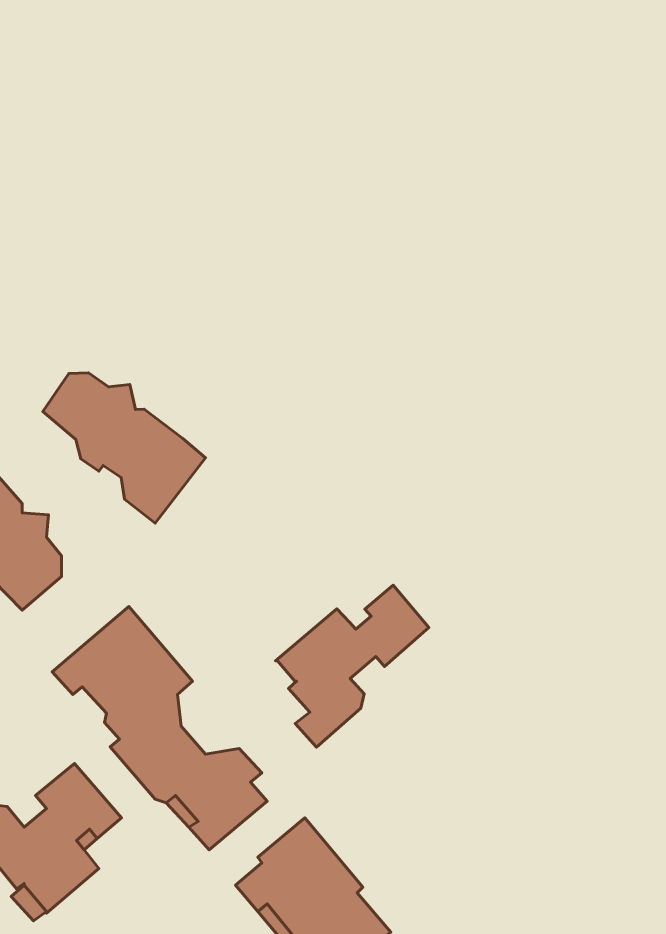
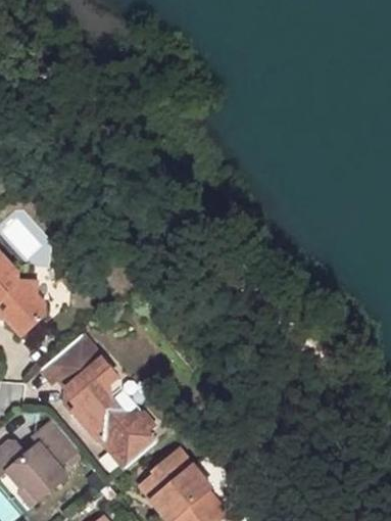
building: [43,373,206,523] -> none
building: [276,585,429,747] -> none

